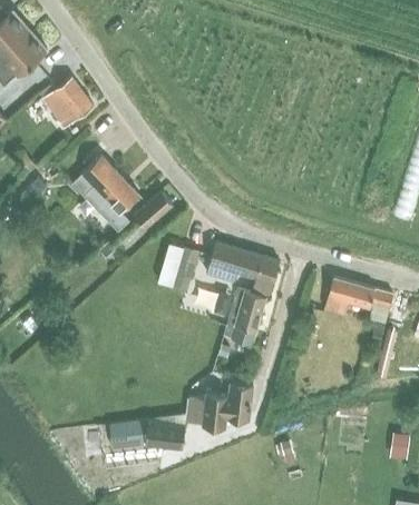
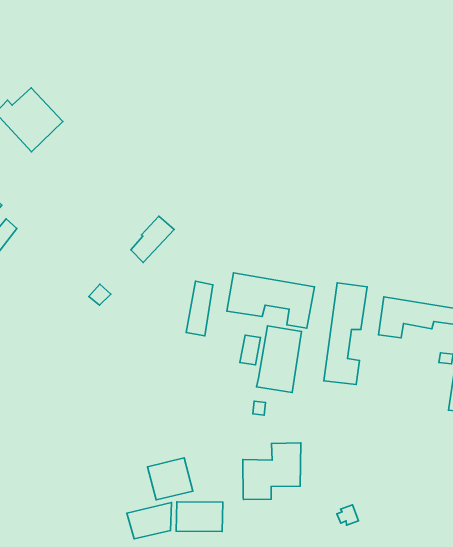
building: [71,157,138,230] -> none
building: none -> [324,283,367,385]
building: none -> [148,458,193,500]

